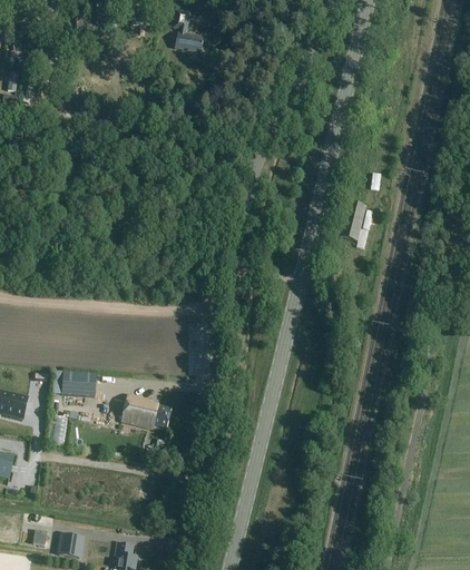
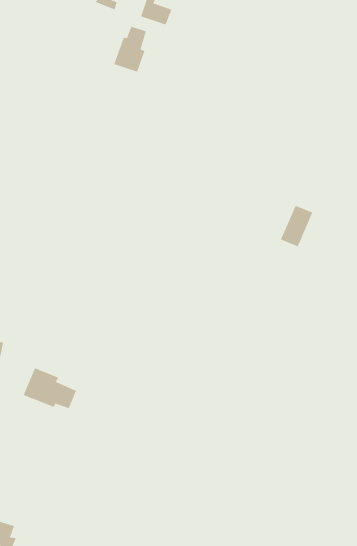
building: none -> [114,26,147,72]

